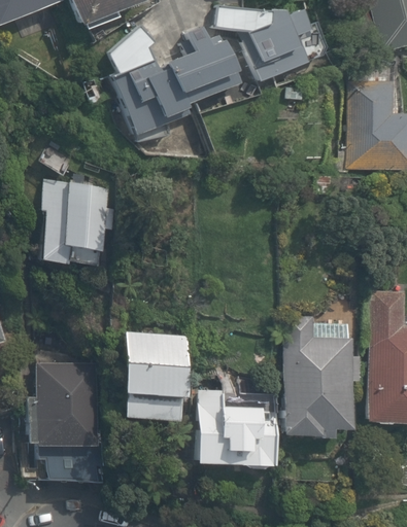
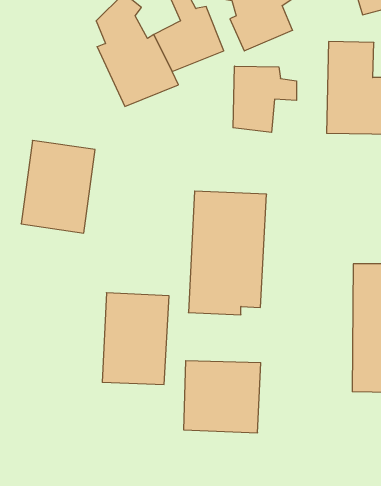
building: none -> [233,66,296,132]
building: [281,315,360,438] -> [188,191,267,315]
building: [30,361,101,481] -> none

